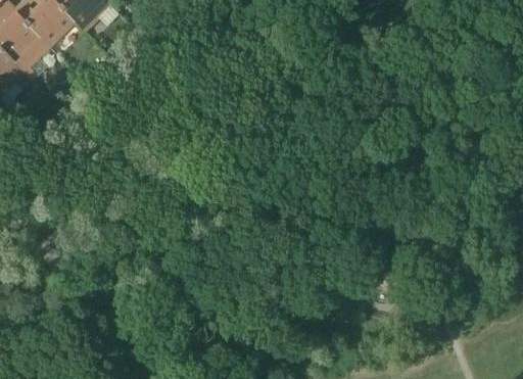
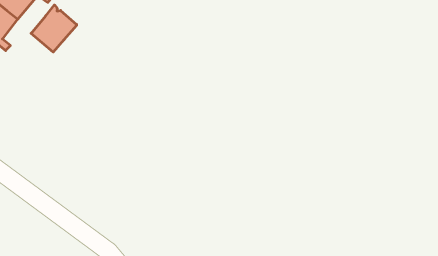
building: none -> [31,5,77,52]

